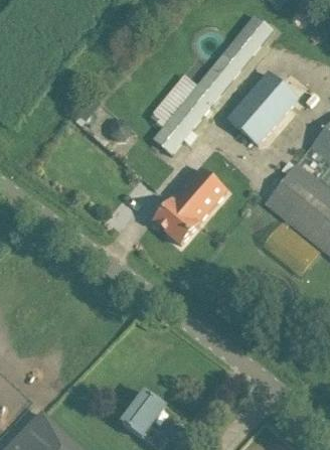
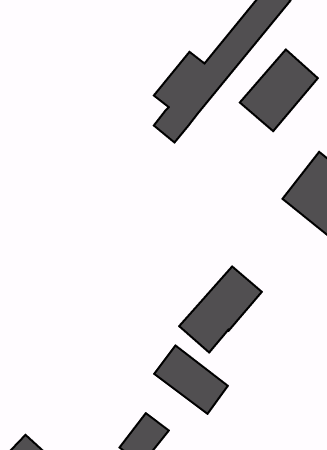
building: [156,168,228,244] -> [179,267,262,353]
building: none -> [154,346,228,414]

